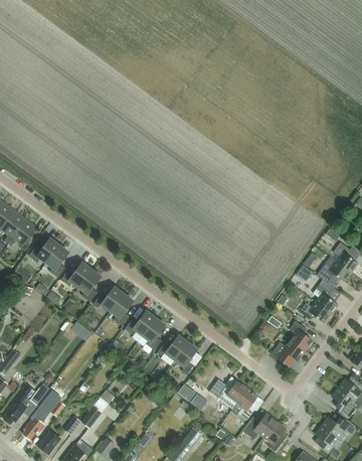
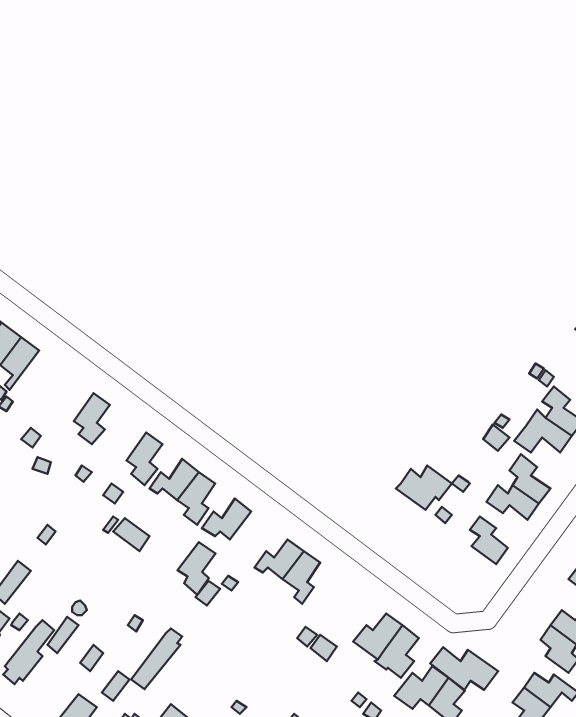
building: [8,219,38,246] -> none
building: [29,238,59,263] -> none
building: [61,262,92,287] -> none
building: [143,318,166,350] -> [178,542,215,595]
building: [272,339,306,366] -> [396,466,452,510]
building: [23,397,54,439] -> none
building: none -> [430,647,498,690]

